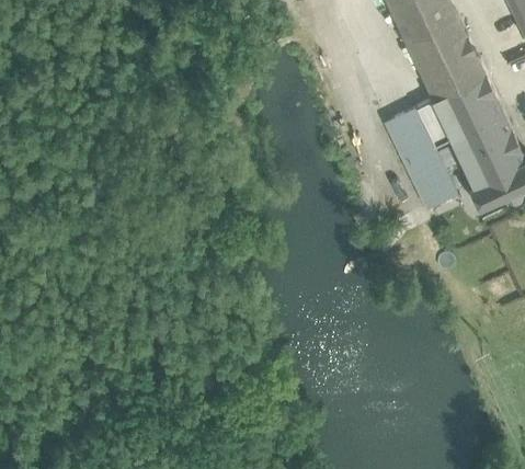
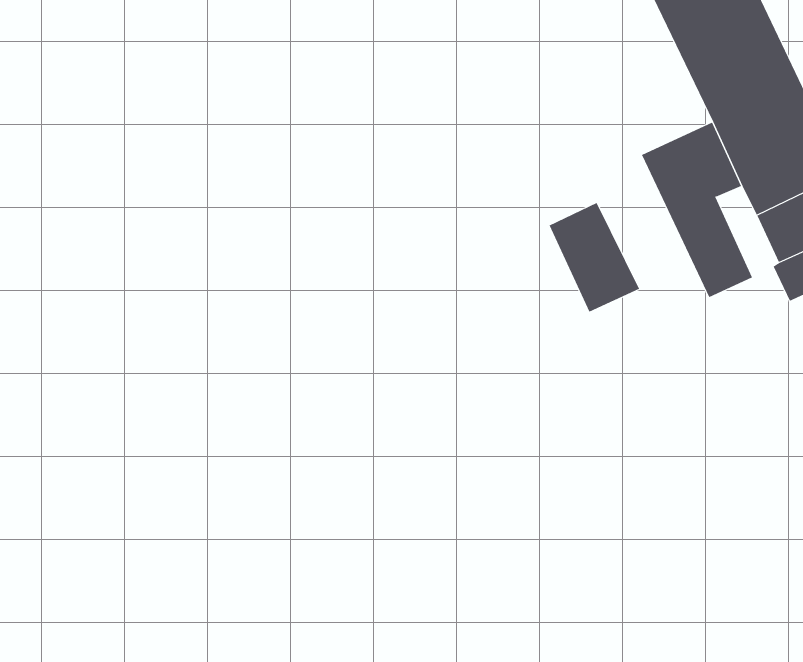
building: none -> [549,202,640,312]

